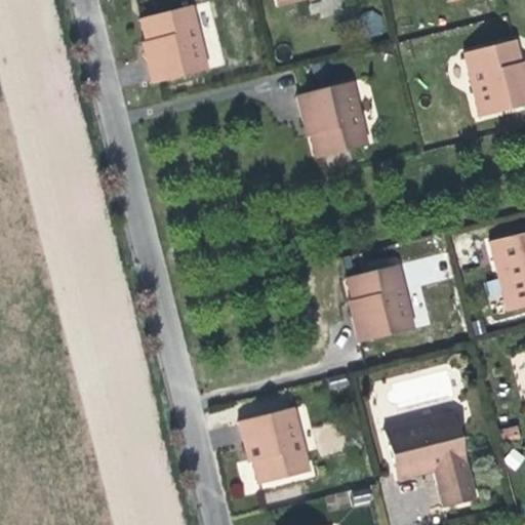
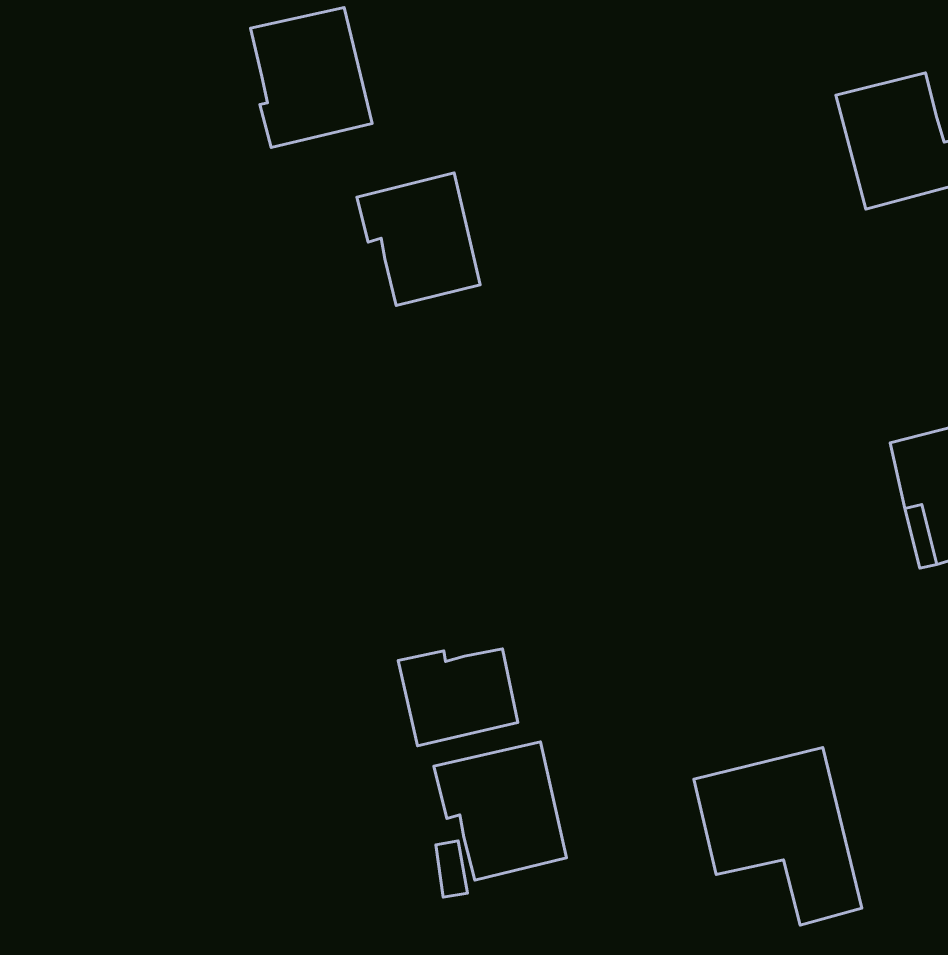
building: [300,83,368,156] -> [357,173,480,306]
building: [351,264,415,341] -> none
building: none -> [398,649,518,746]

